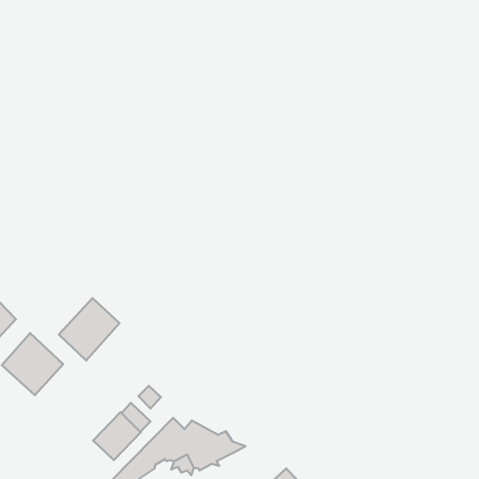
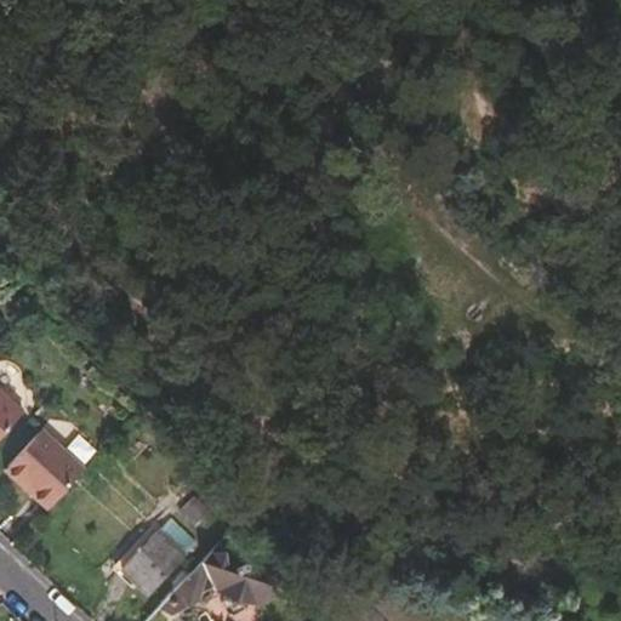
building: [59,298,120,361] -> none

